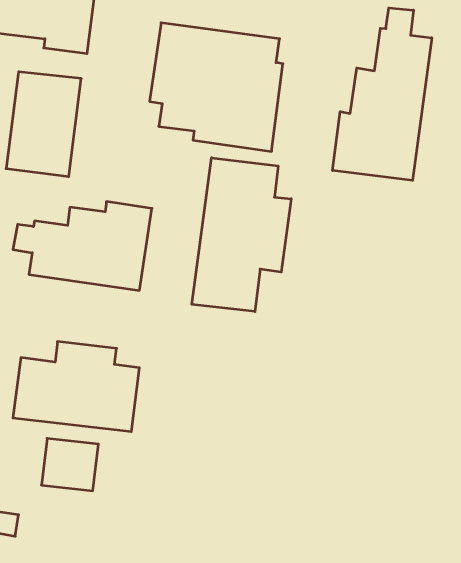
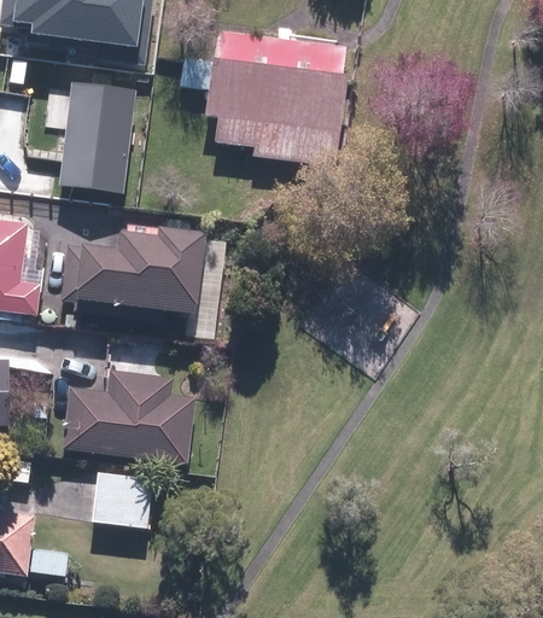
building: [333,8,432,180] -> none
building: [192,158,291,312] -> none

